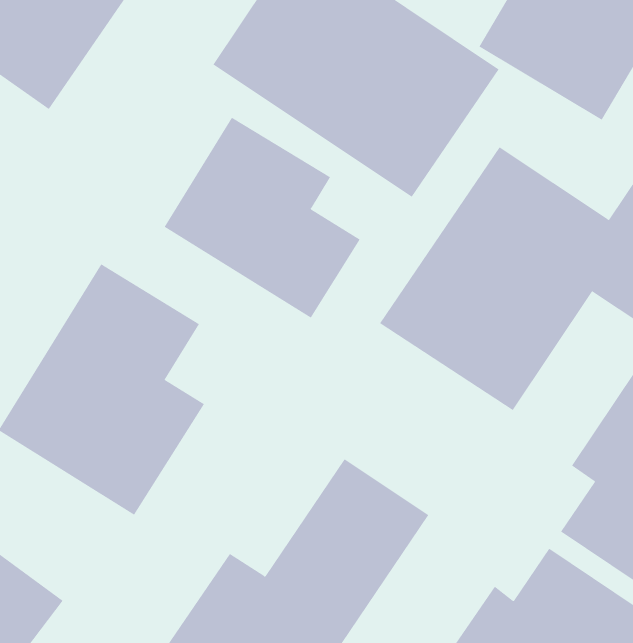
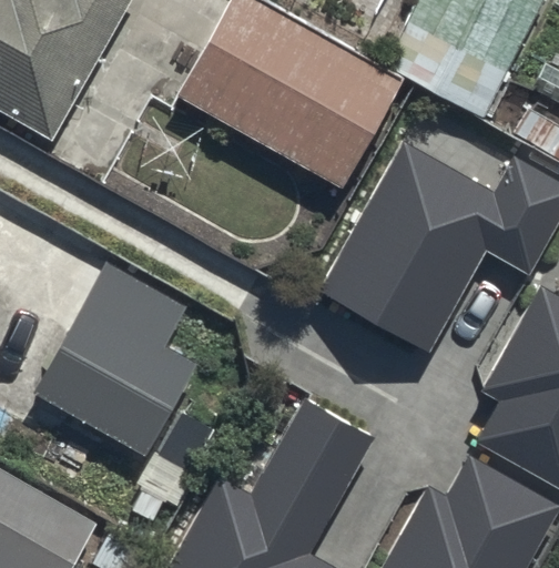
building: [164,117,361,318] -> none

